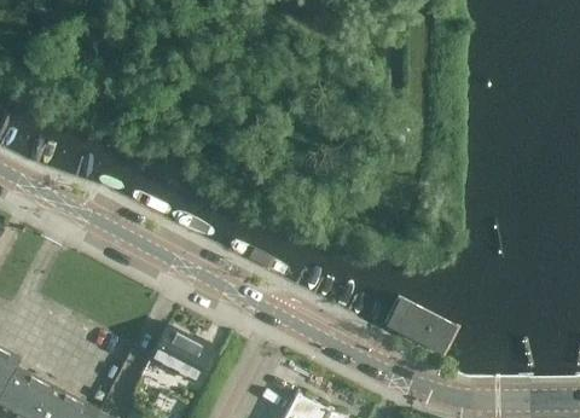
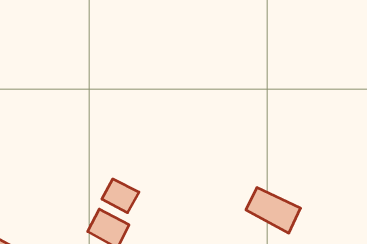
building: none -> [102,179,139,213]

